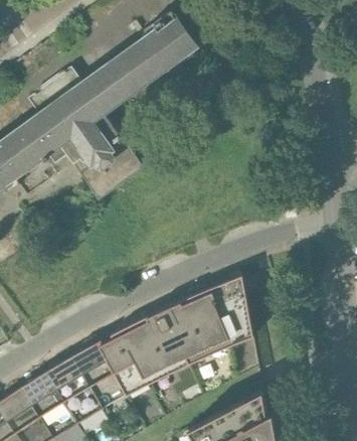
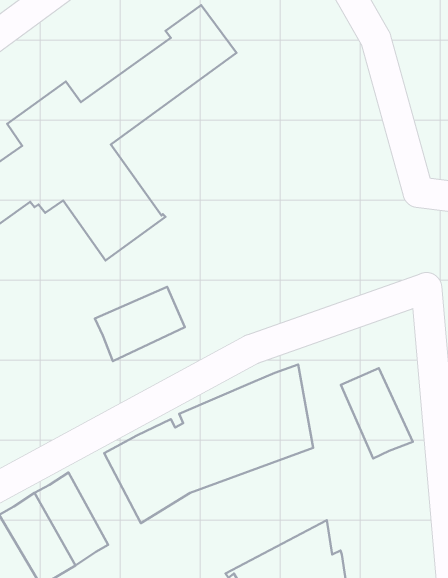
building: none -> [95,287,185,361]
building: none -> [341,368,413,459]
building: [73,341,127,409] -> none

